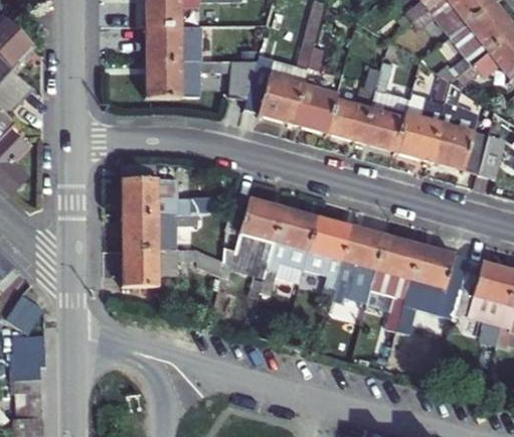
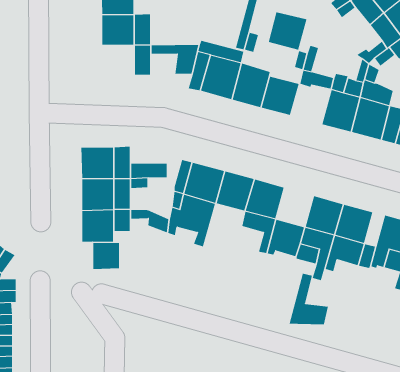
building: none -> [268,11,307,51]
building: [145,61,182,96] -> none
building: [361,106,406,152] -> none
building: [344,225,387,270] -> none
building: [262,243,309,295] -> none
building: none -> [93,242,120,270]
building: none -> [289,273,329,325]

